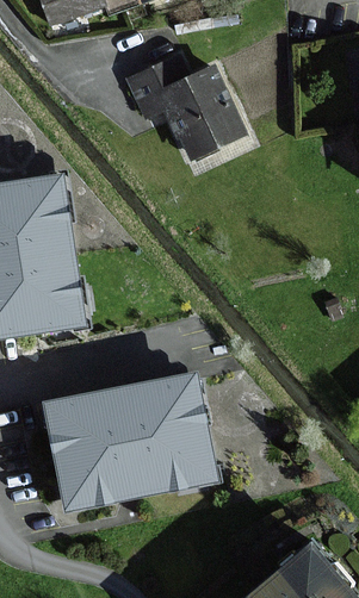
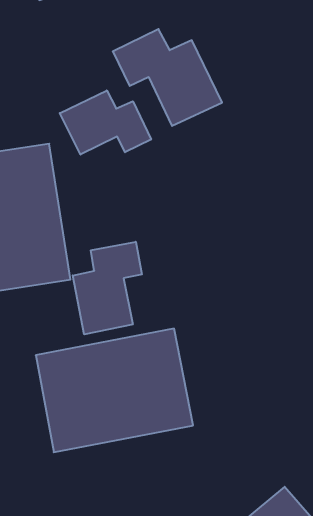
building: none -> [60,90,151,155]
building: none -> [73,242,142,334]

